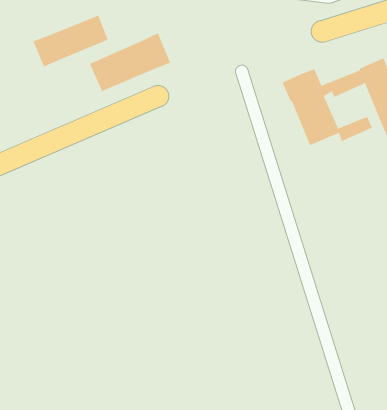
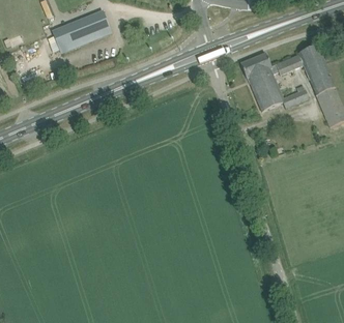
building: [89,32,171,92] -> none

